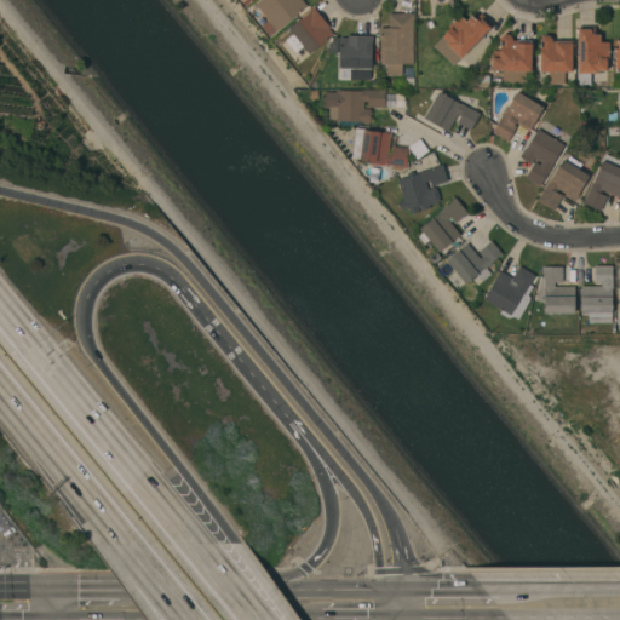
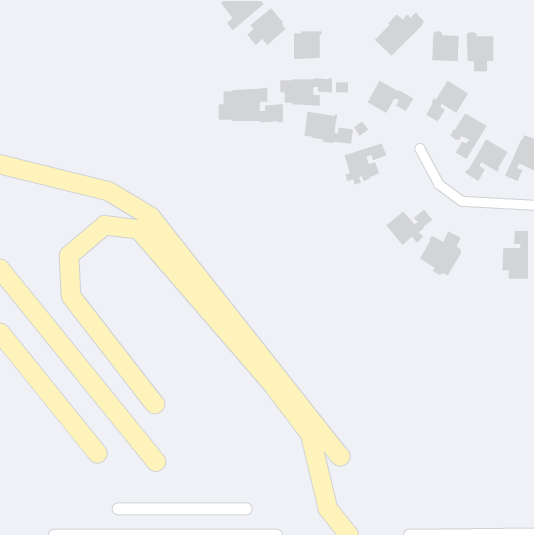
building: [380,13,414,75] -> none
building: [579,27,610,85] -> none
building: none -> [218,87,284,123]
building: [418,199,469,252] -> none
building: [534,266,575,314] -> none

